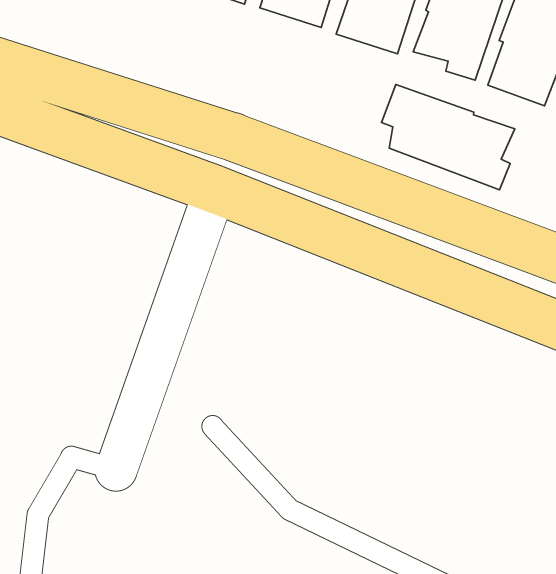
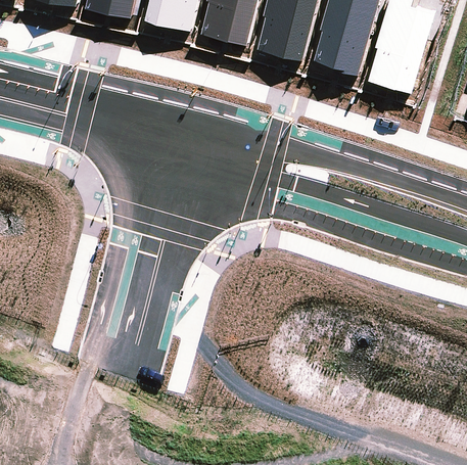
building: [382,85,515,190] -> none

